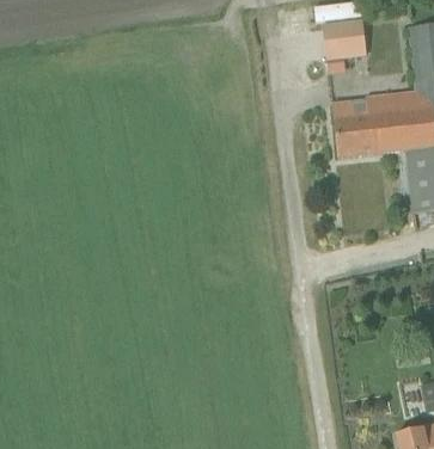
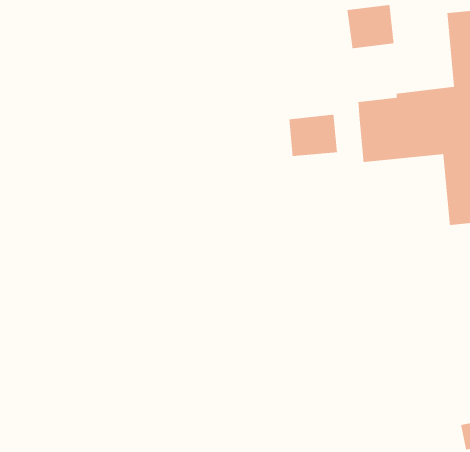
building: none -> [289,114,338,157]

